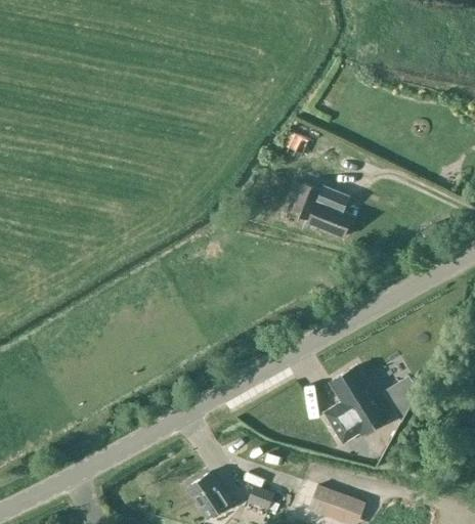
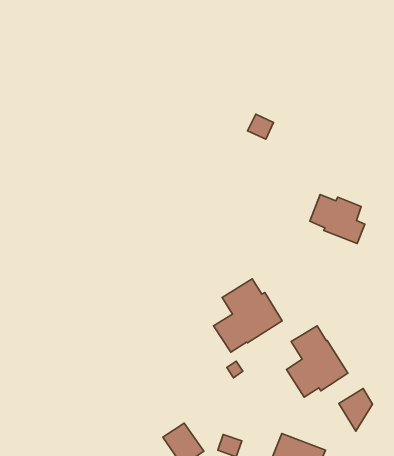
building: [293,184,353,238] -> [310,194,365,244]
building: none -> [214,279,282,352]
building: [381,373,418,420] -> [339,389,372,431]

